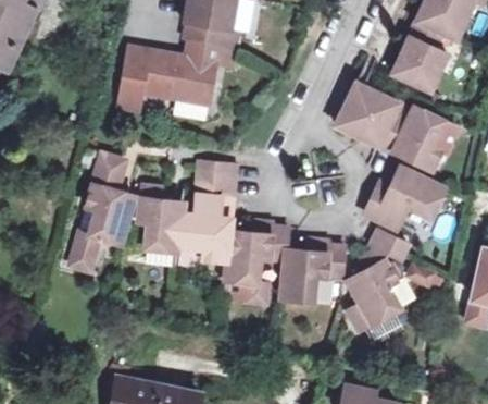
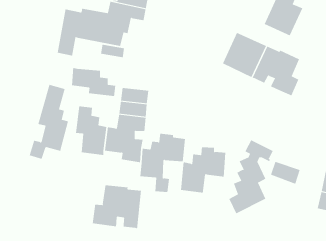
building: none -> [71,67,116,97]
building: [366,172,446,231] -> none
building: none -> [92,185,142,229]

